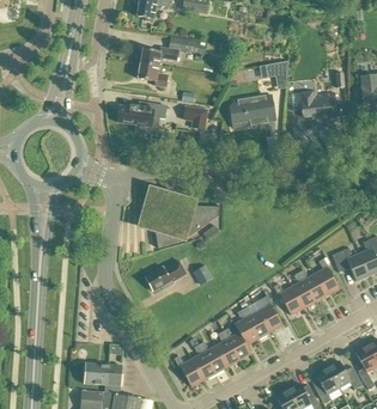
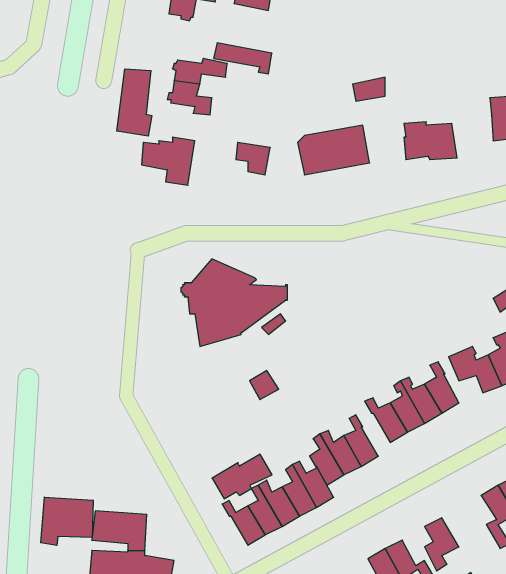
building: none -> [117,69,152,136]
building: [145,260,187,291] -> [212,454,272,499]
building: none -> [41,497,93,545]
building: [327,360,363,390] -> none

